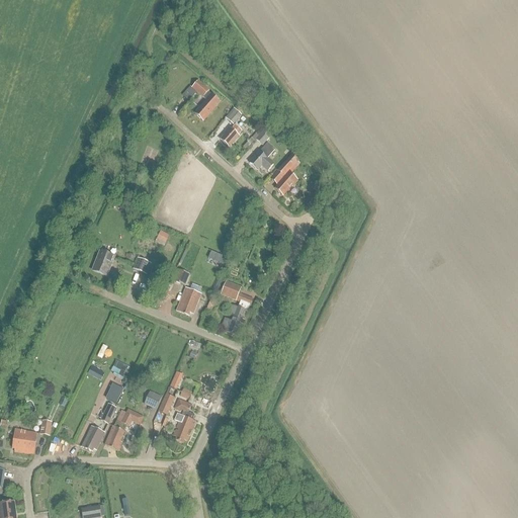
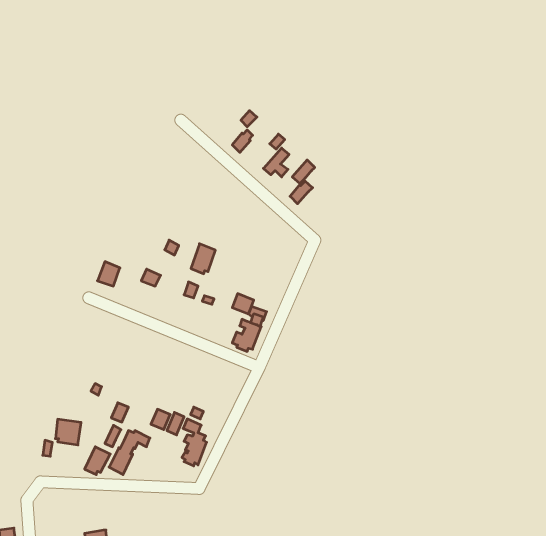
building: [190,79,219,119] -> none
building: [176,287,199,316] -> [191,244,215,274]
building: [12,429,36,453] -> [55,419,81,445]

